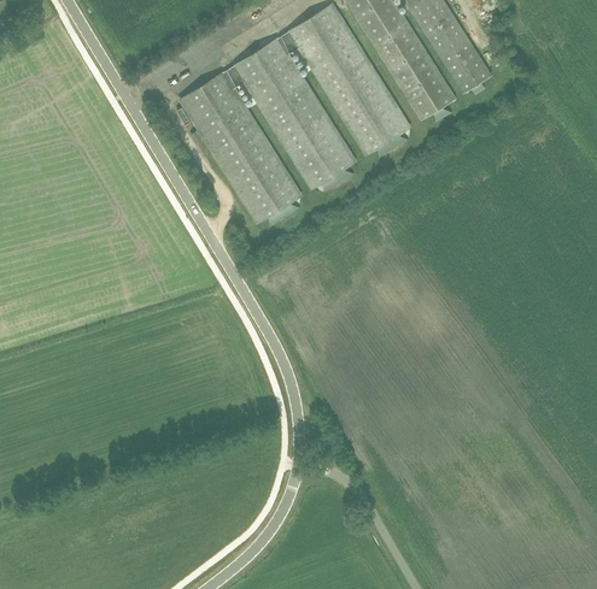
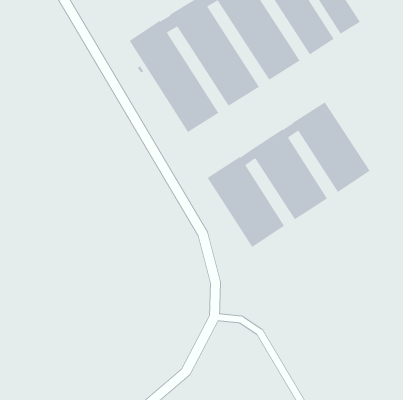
building: none -> [207,101,371,248]

